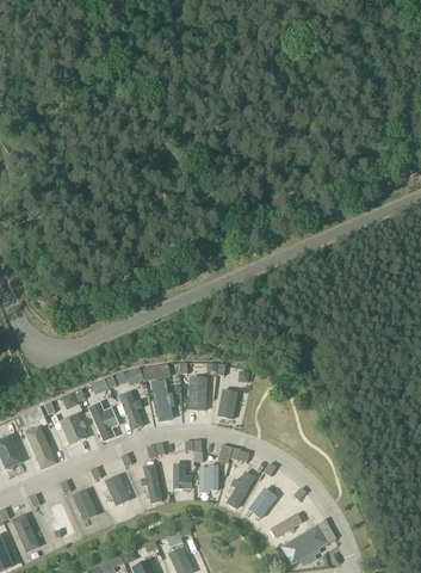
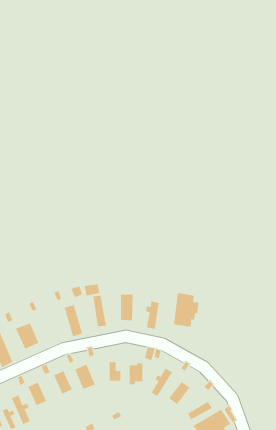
building: none -> [174,292,199,327]
building: [89,402,117,440] -> none

